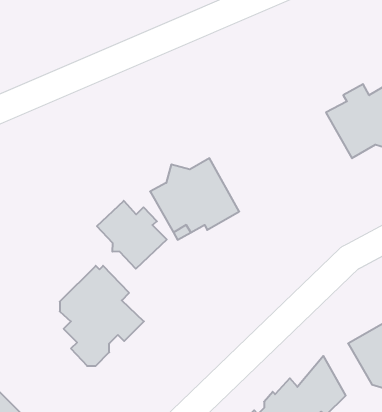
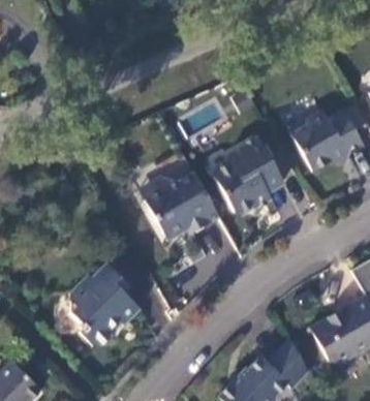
building: none -> [215,137,283,214]
building: [97,201,167,269] -> none

